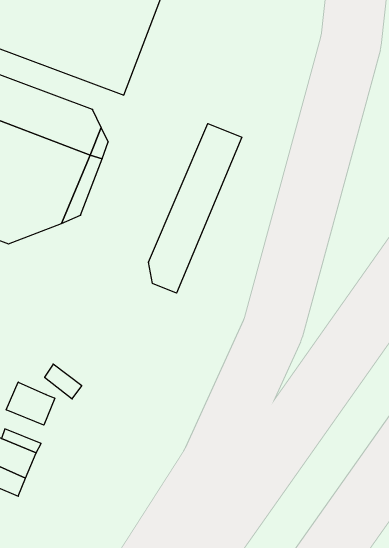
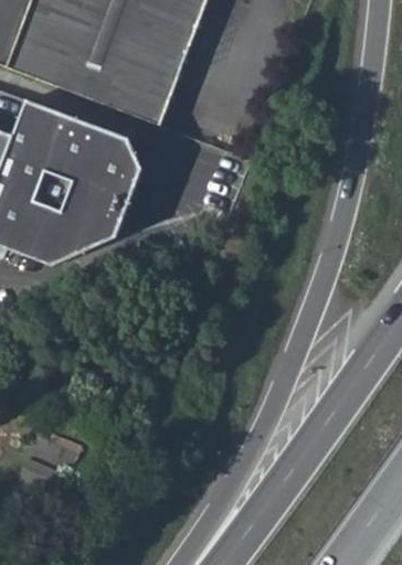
building: [149,124,242,293] -> none
building: [6,382,55,425] -> none

